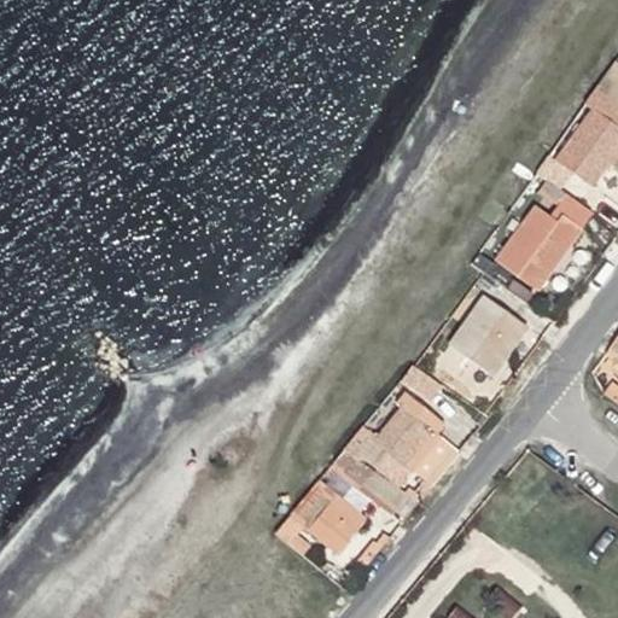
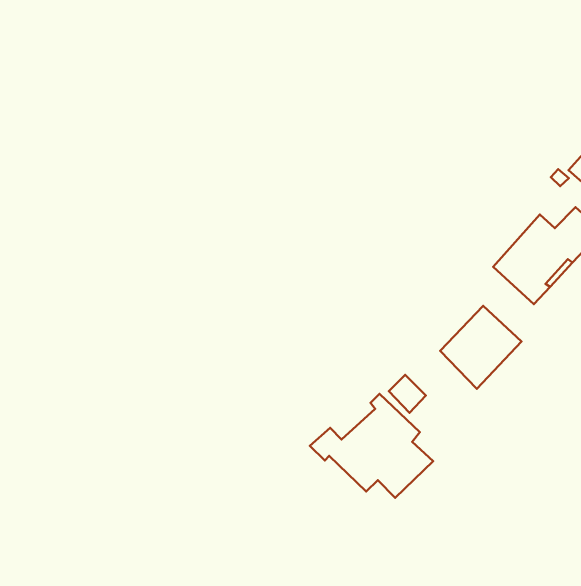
building: [331,448,410,517] -> none
building: [275,478,367,556] -> none

